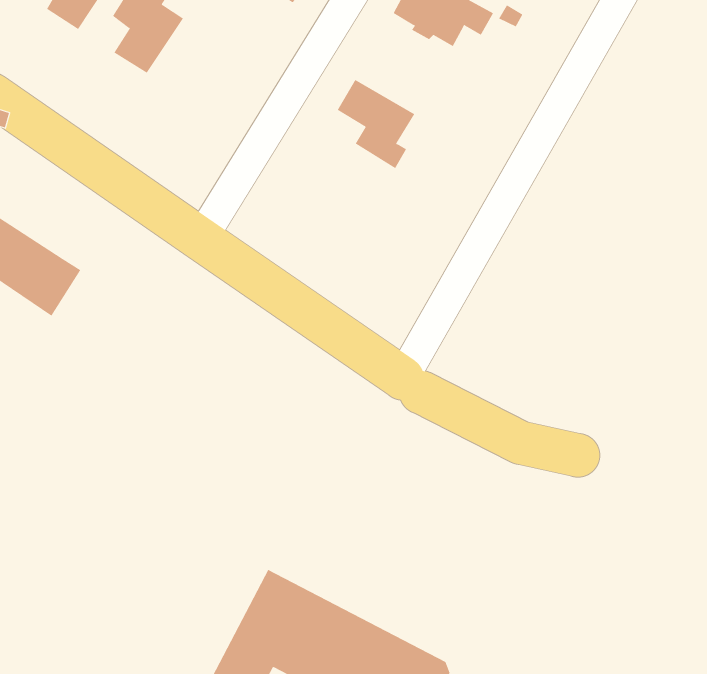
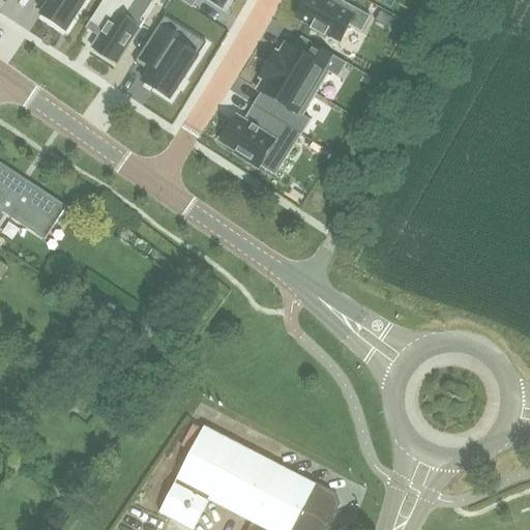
building: none -> [138,14,198,97]
building: none -> [268,40,343,90]
building: none -> [220,113,301,167]

